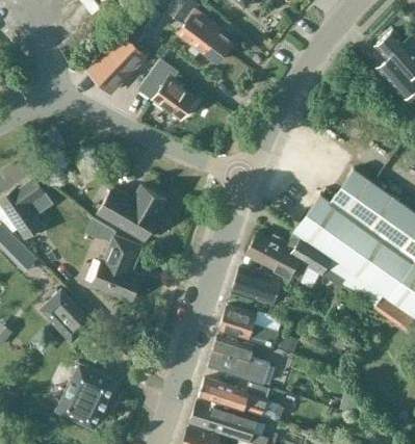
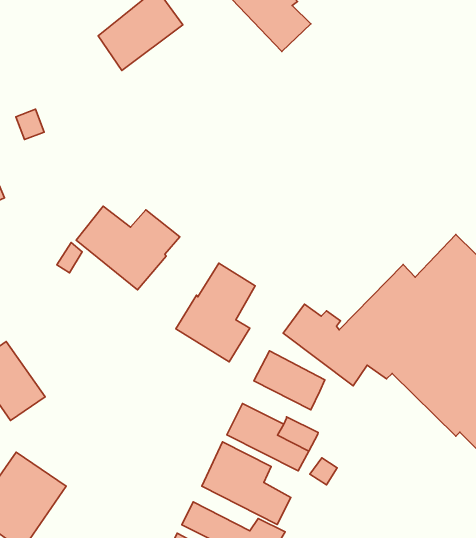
building: [139,61,196,121] -> none
building: [93,236,142,302] -> [176,263,255,362]

